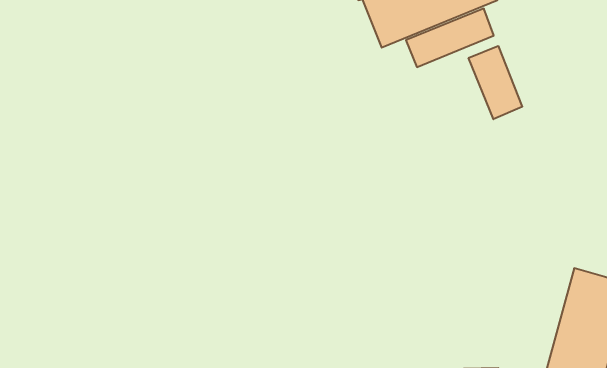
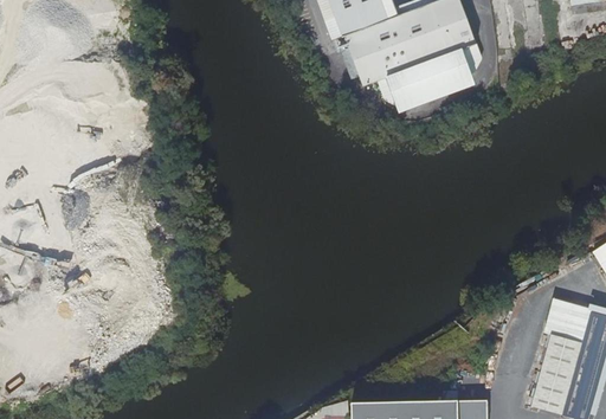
building: [469,46,522,119] -> none

